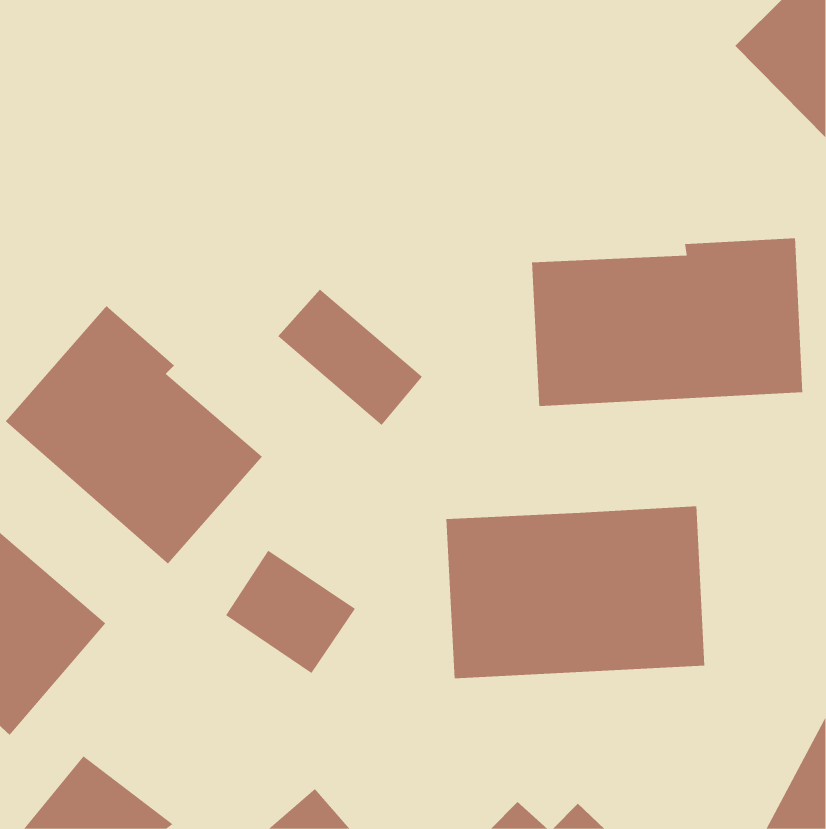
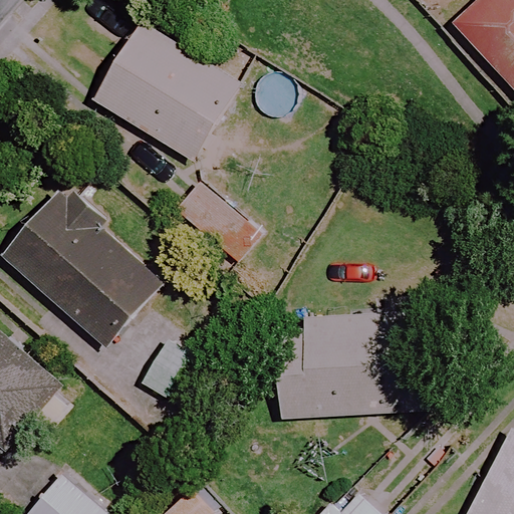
building: none -> [93,23,238,160]
building: [532,238,803,407] -> none

